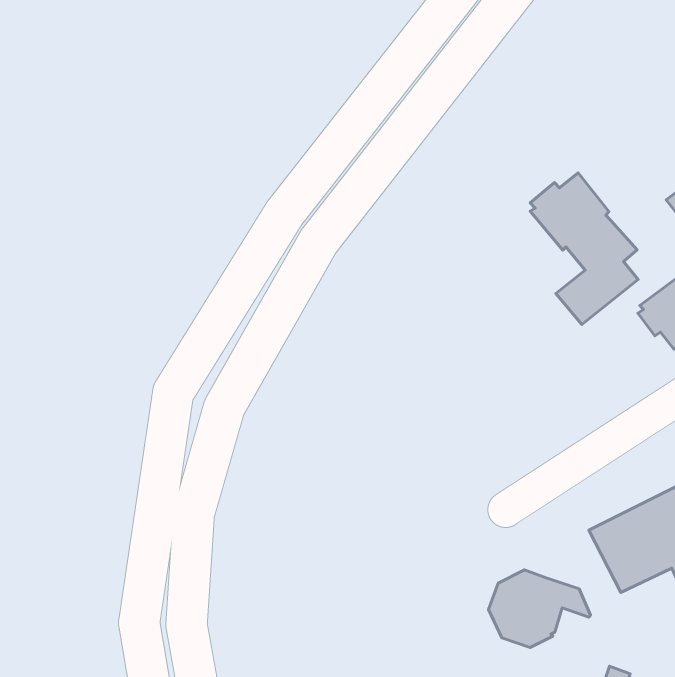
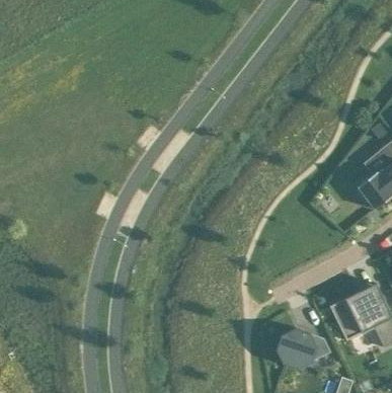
building: [530,173,638,325] -> none

